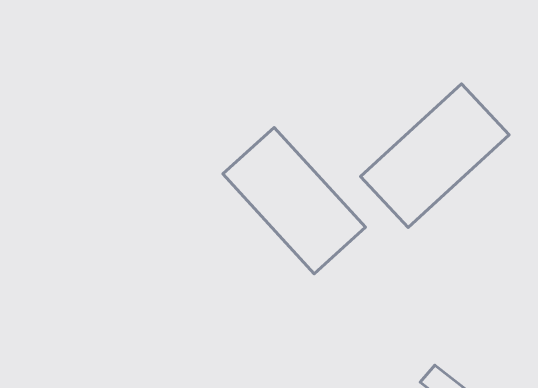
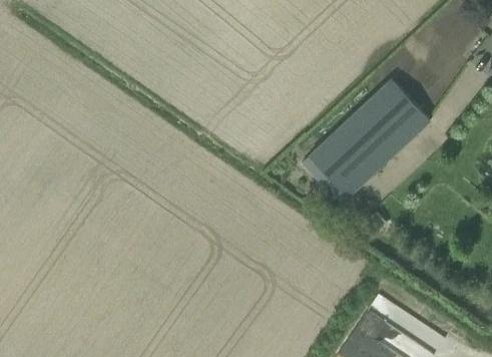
building: [223,128,365,274] -> none

